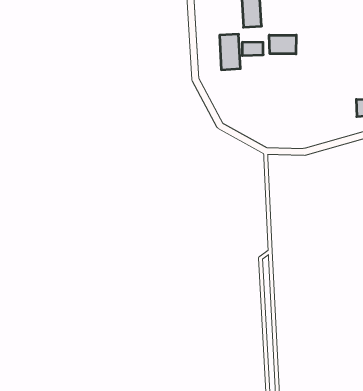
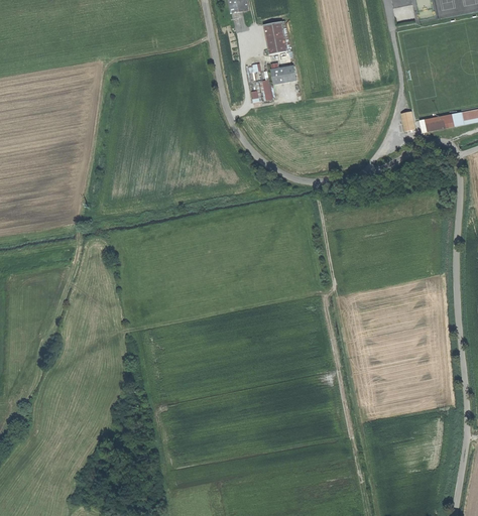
building: [269,35,296,54] -> none

